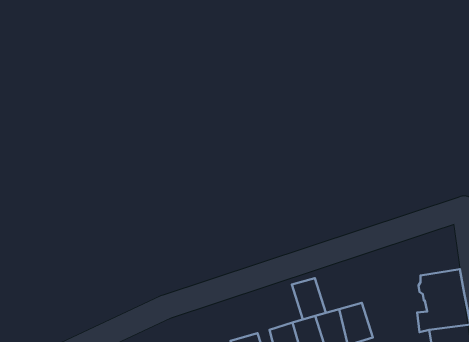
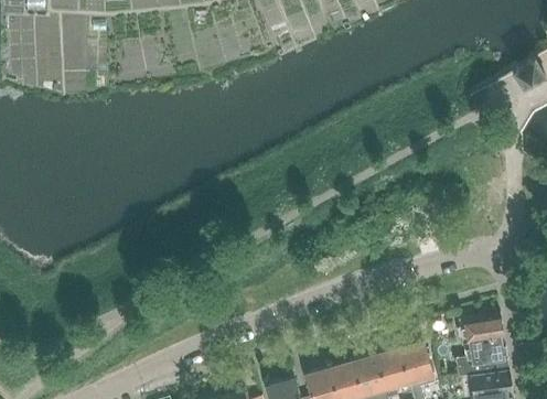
building: [292,278,326,319] -> [400,343,435,385]

